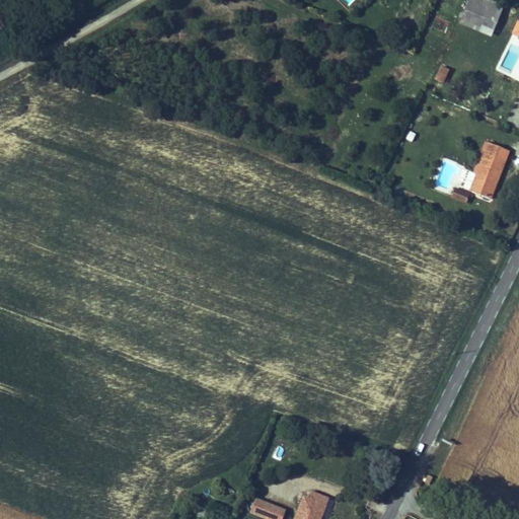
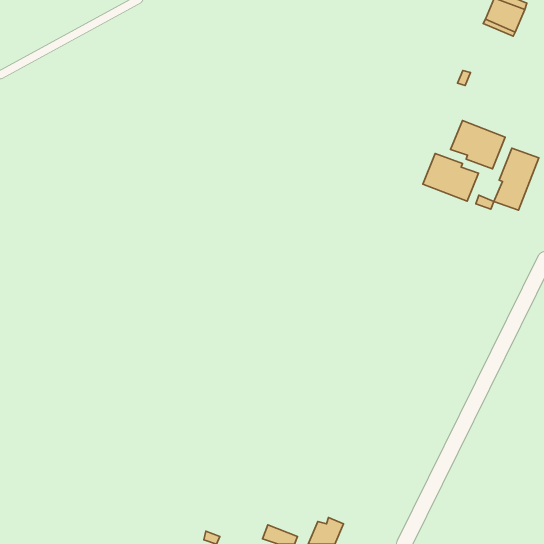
building: none -> [451,121,505,169]
building: none -> [423,154,479,201]

